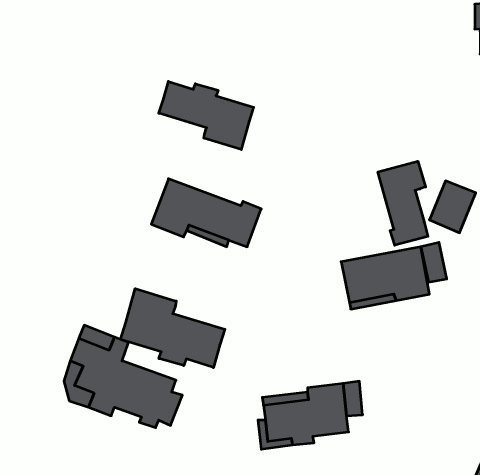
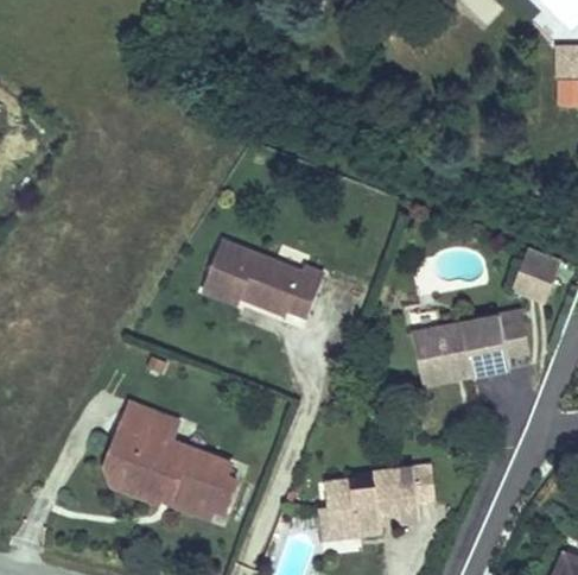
building: [159,81,254,150] -> none
building: [378,161,428,245] -> none
building: [120,289,225,368] -> none

